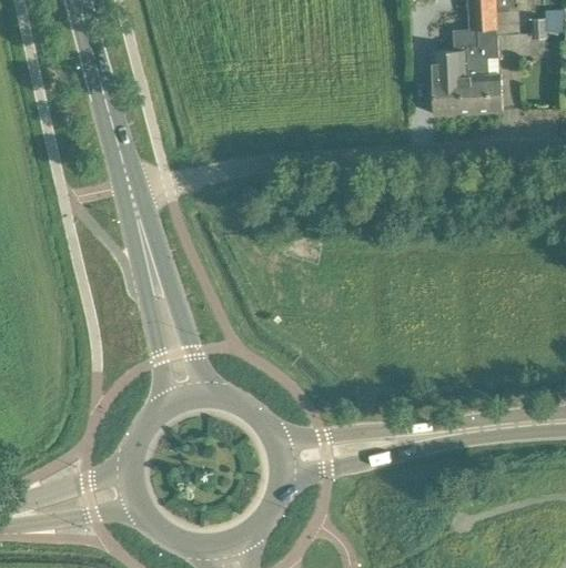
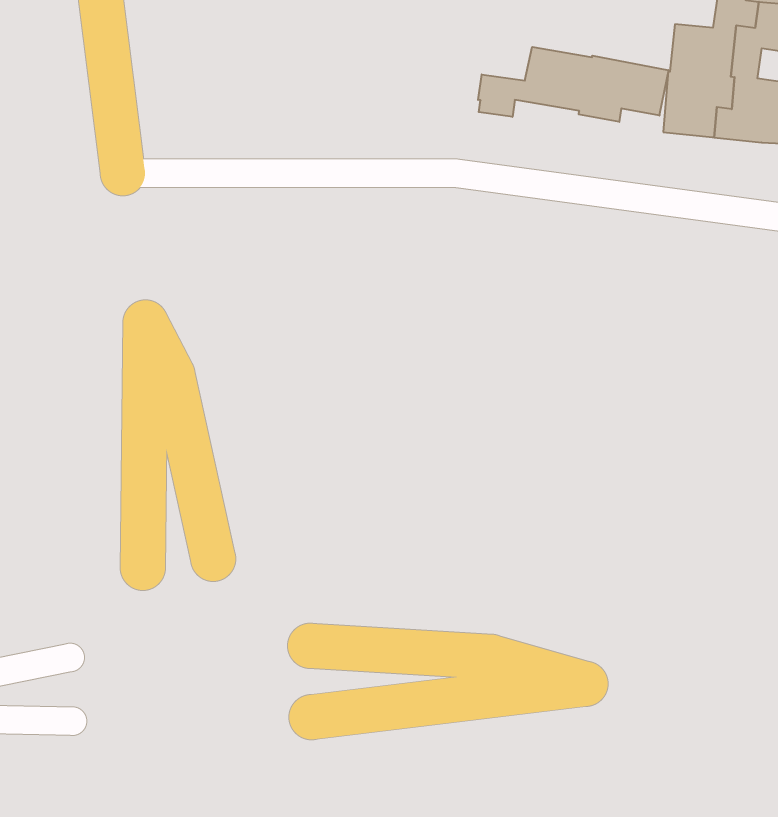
building: none -> [478,47,668,122]

